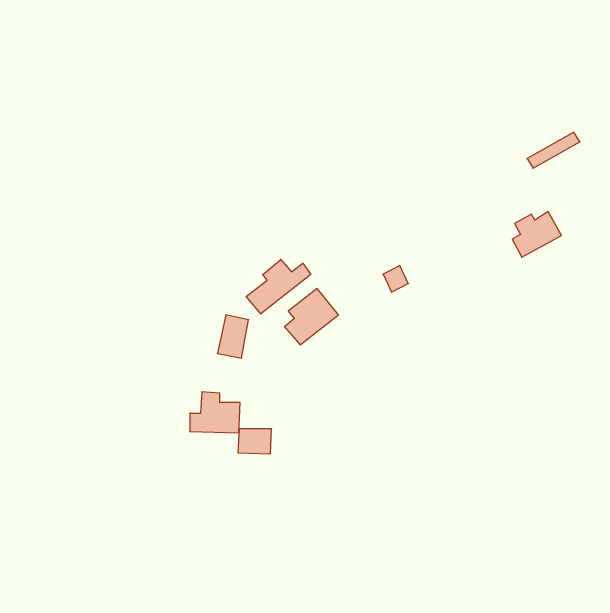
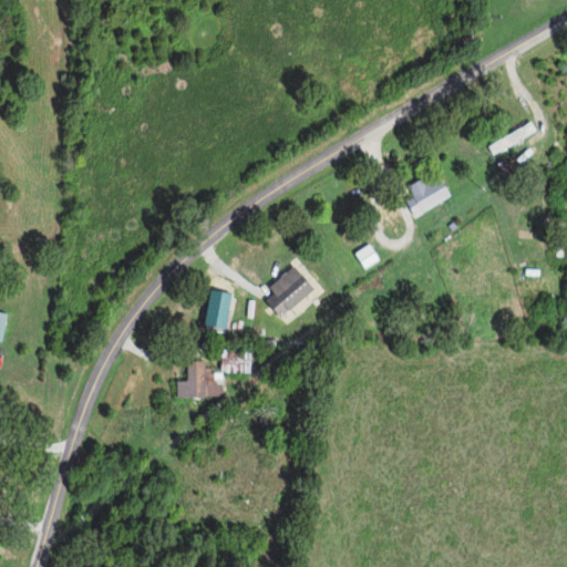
building: [512,212,561,257] -> [406,175,452,217]
building: [246,259,311,314] -> none
building: [238,429,272,454] -> [221,350,252,373]

